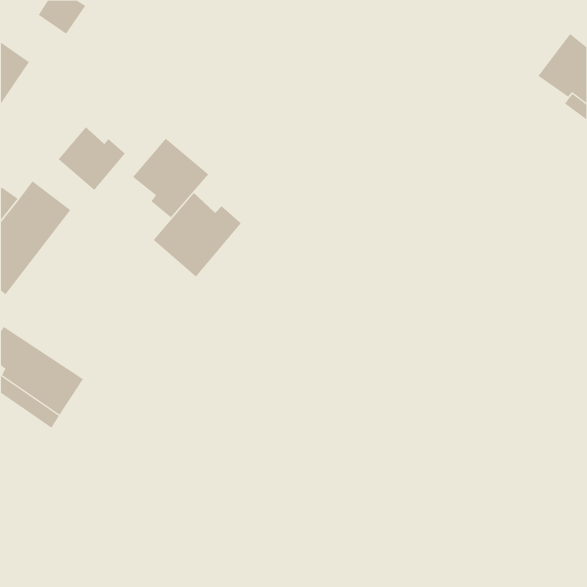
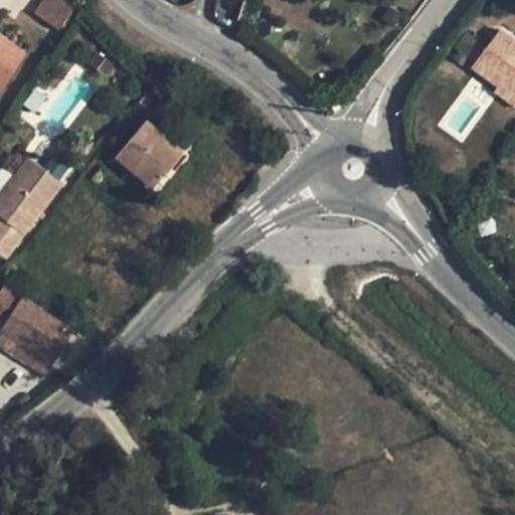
building: [58,127,126,191] -> none
building: [153,192,241,277] -> none

